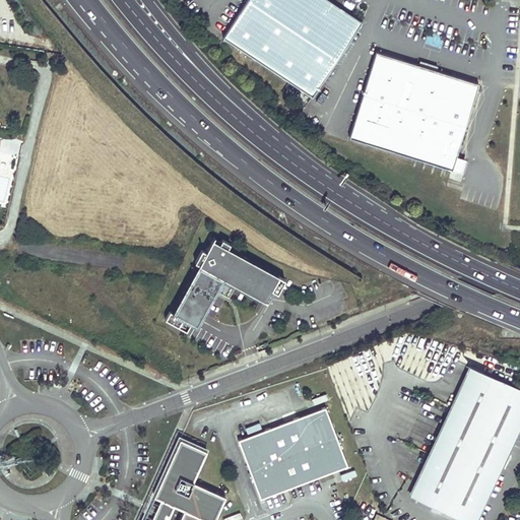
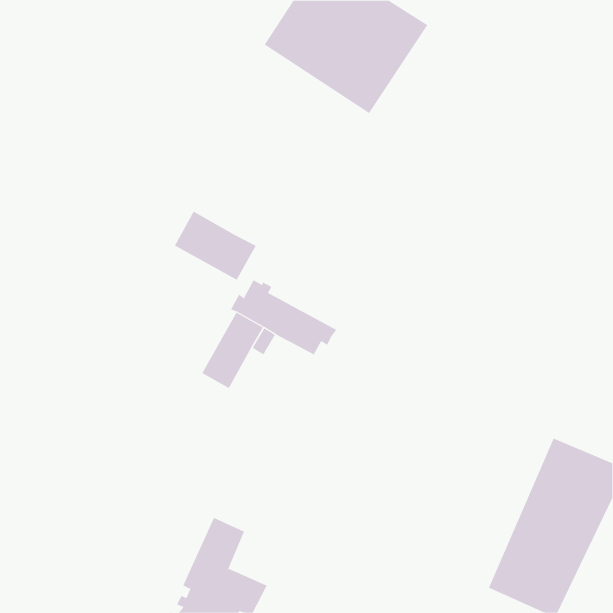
building: [350,52,479,171] -> none
building: none -> [174,211,256,281]
building: [241,412,351,504] -> none

